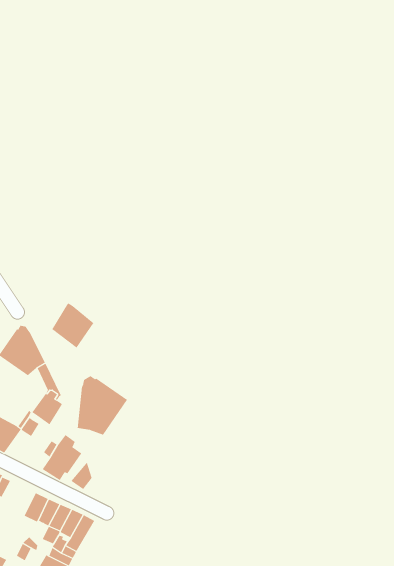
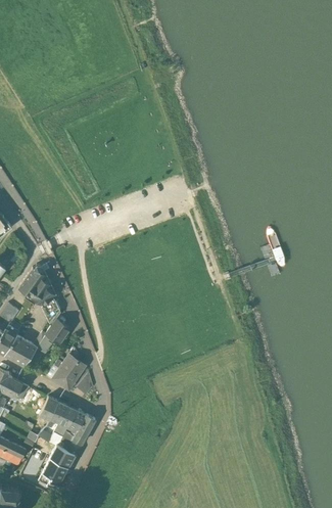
building: [51,303,94,349] -> none
building: [77,375,128,435] -> none

